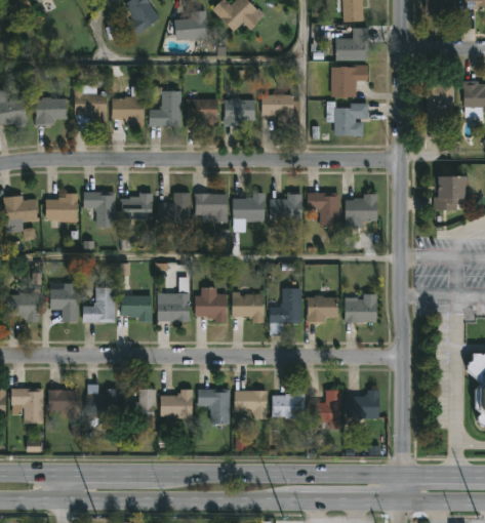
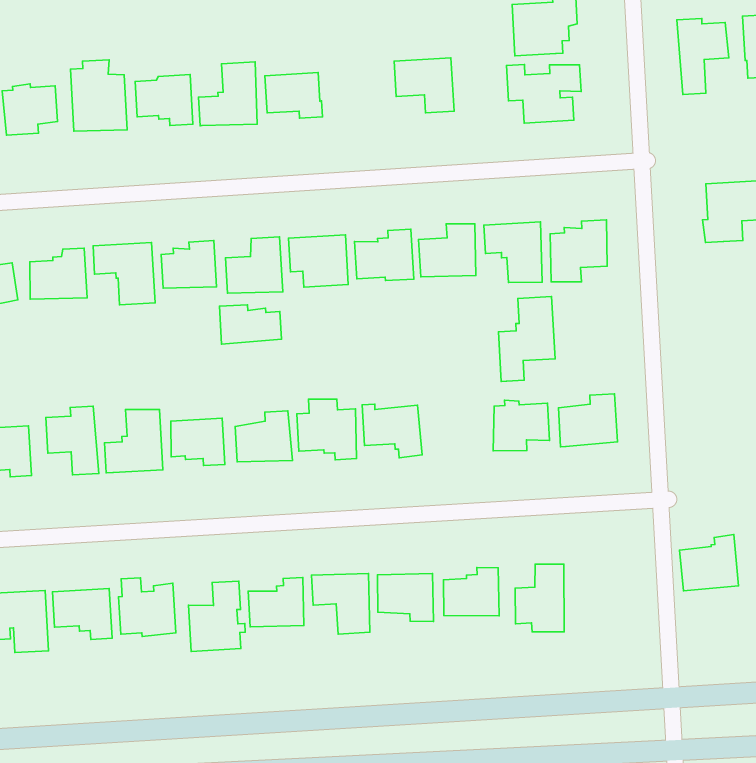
building: [223,98,255,126] -> none
building: none -> [219,305,281,344]
building: [270,288,301,335] -> [498,297,555,381]
building: [347,390,379,420] -> [679,535,738,591]

